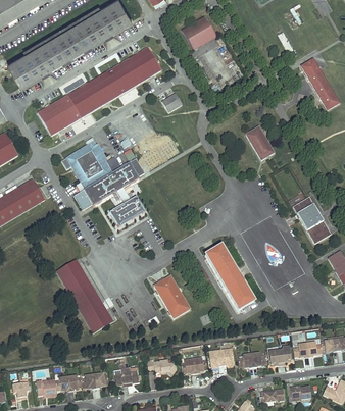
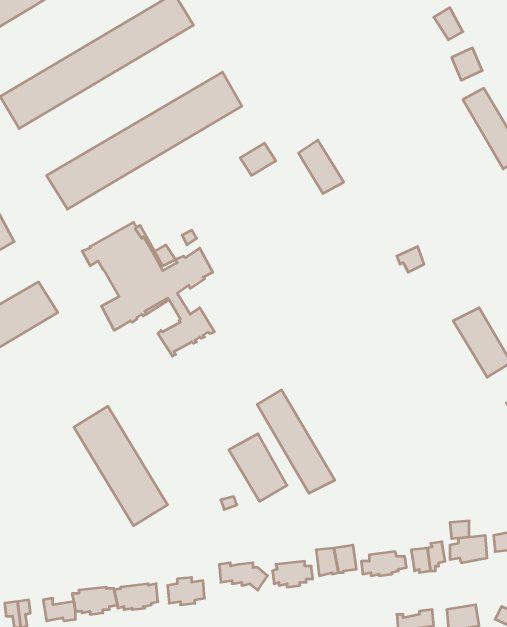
building: [184,17,216,48] -> none
building: [246,125,275,159] -> [299,140,344,193]
building: [204,246,253,311] -> [257,390,335,493]

